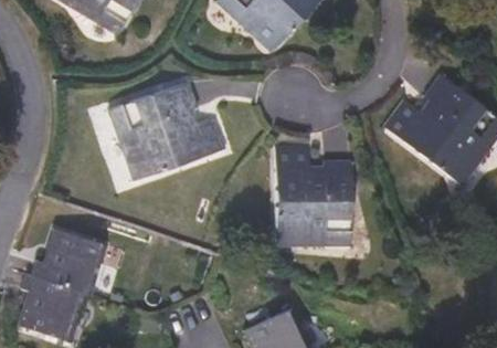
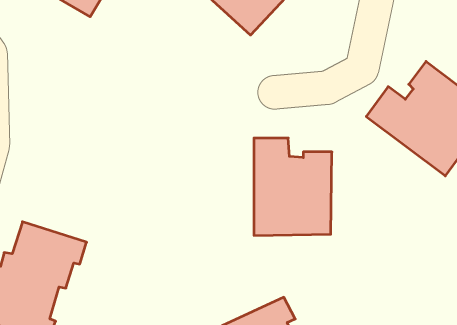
building: [108,84,222,181] -> none

